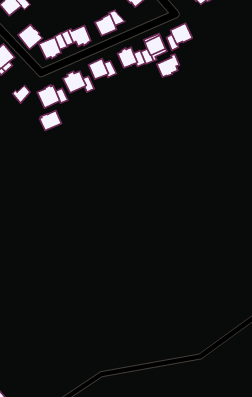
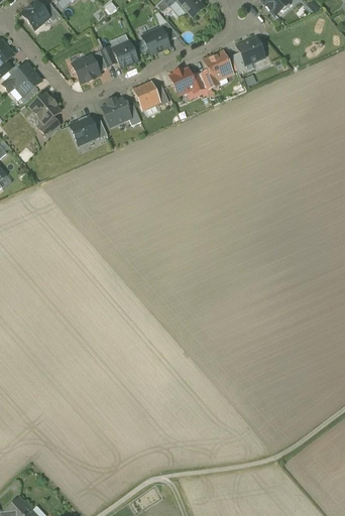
building: [18,24,43,49] -> [28,93,60,124]
building: [157,54,180,77] -> none
building: [39,111,62,131] -> none

